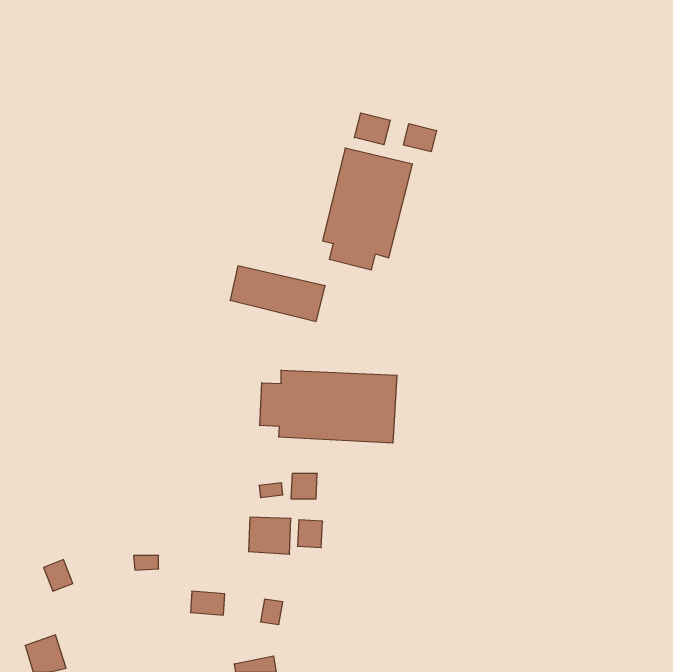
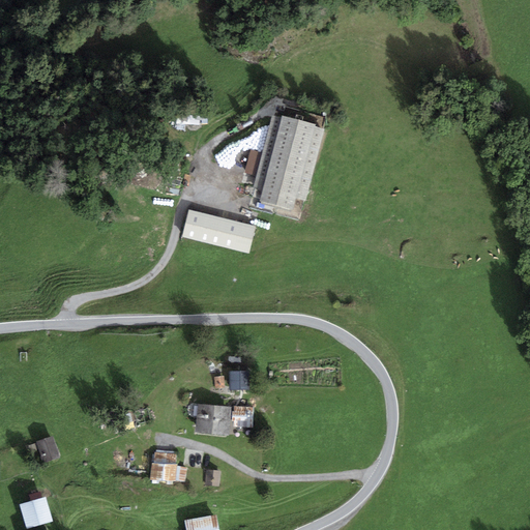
building: [354,113,390,145] -> none
building: [403,124,437,152] -> none
building: [260,370,397,443] -> none

